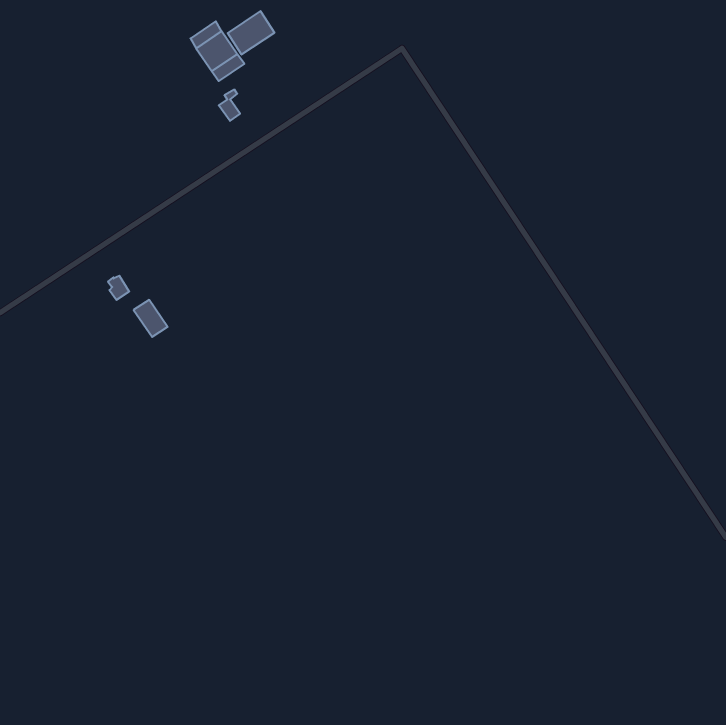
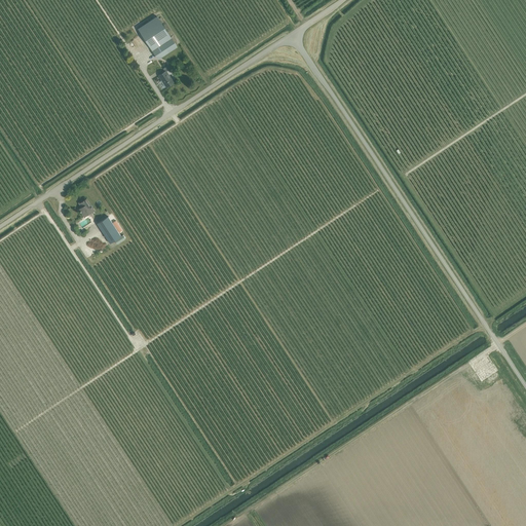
building: [228,11,274,55] -> none

